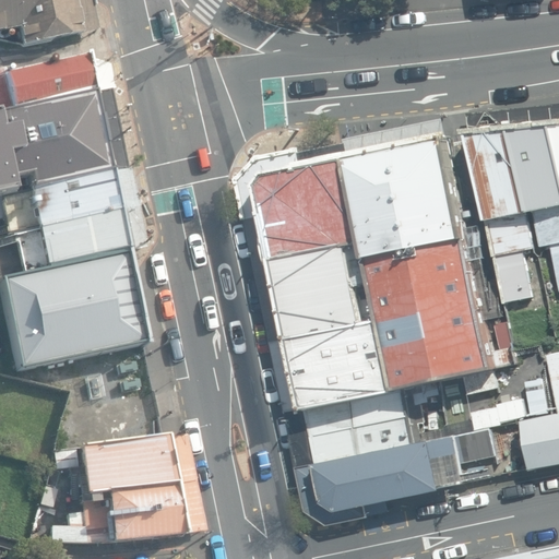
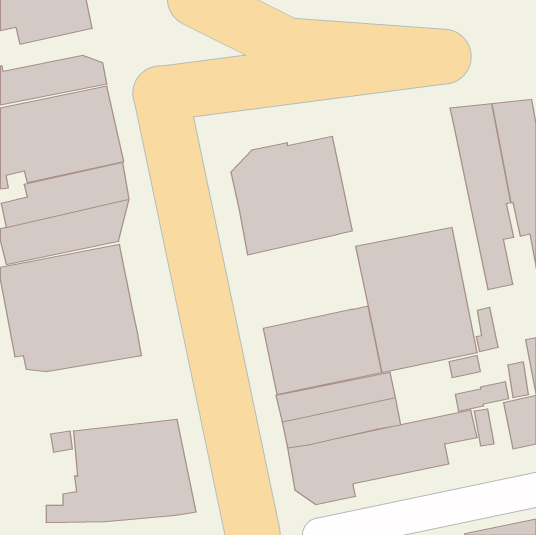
building: [345,118,471,257] -> none
building: [258,245,366,342] -> none

